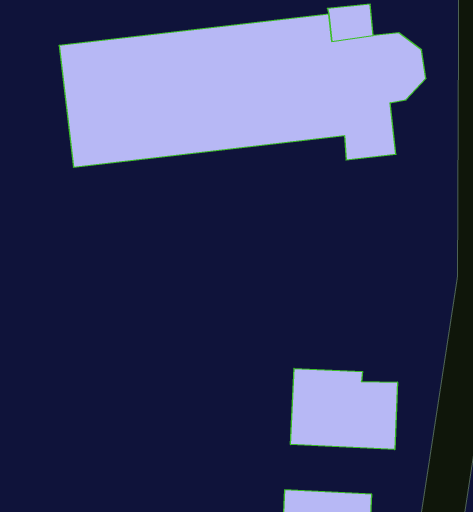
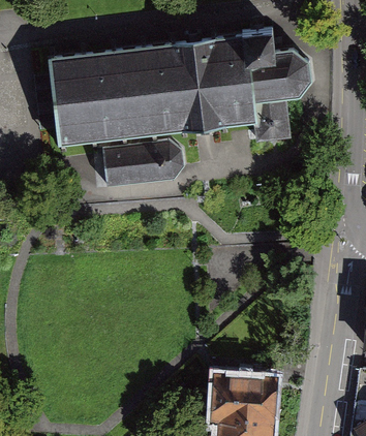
building: none -> [102,139,185,188]
building: [291,368,397,450] -> none

